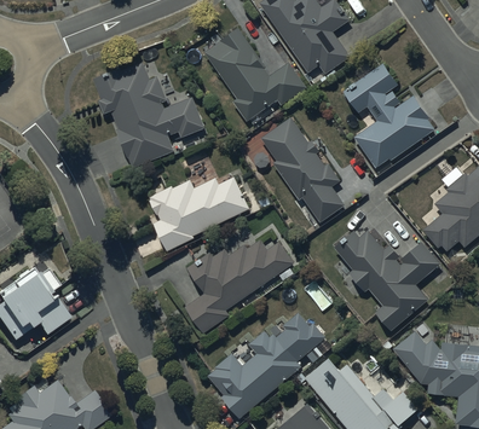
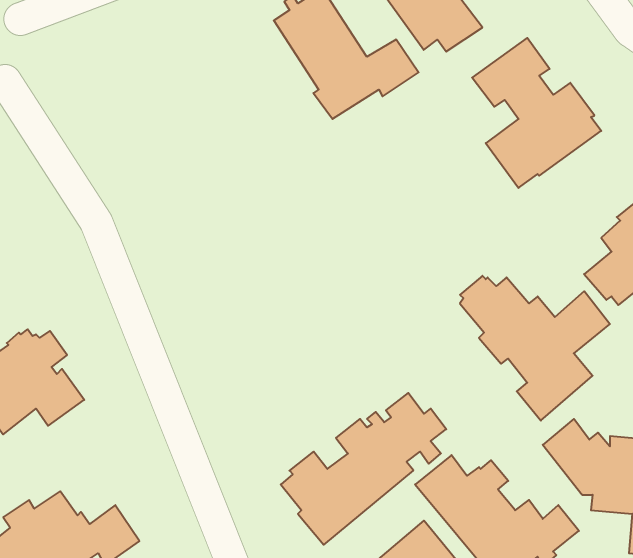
building: [93,60,204,168] -> none
building: [261,117,345,221] -> none
building: [149,178,249,250] -> none
building: [185,239,294,335] -> none

